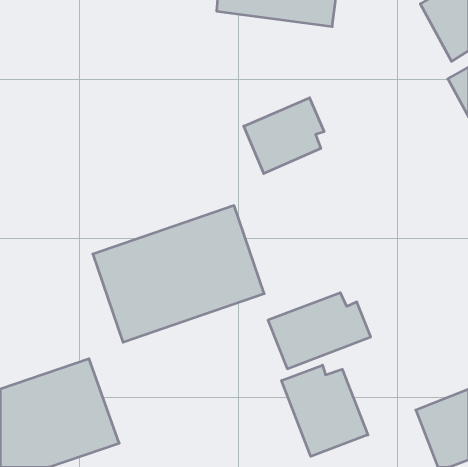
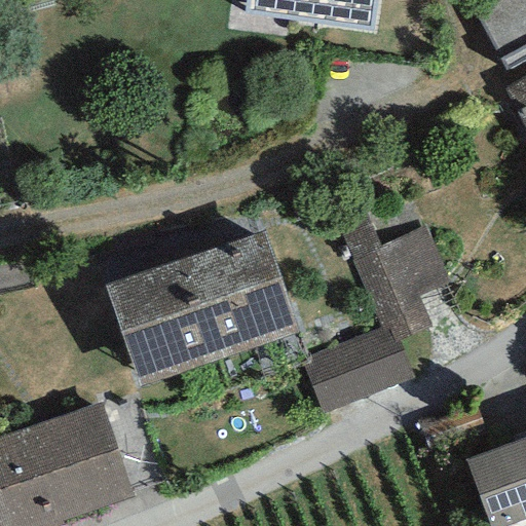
building: [244,98,324,174] -> none
building: none -> [334,203,450,343]
building: [282,365,368,456] -> none

